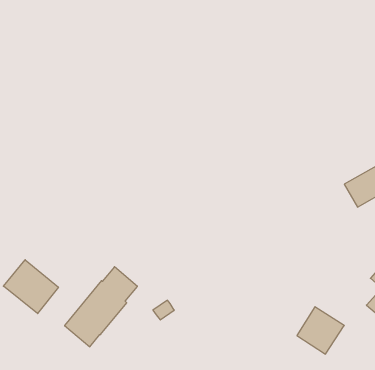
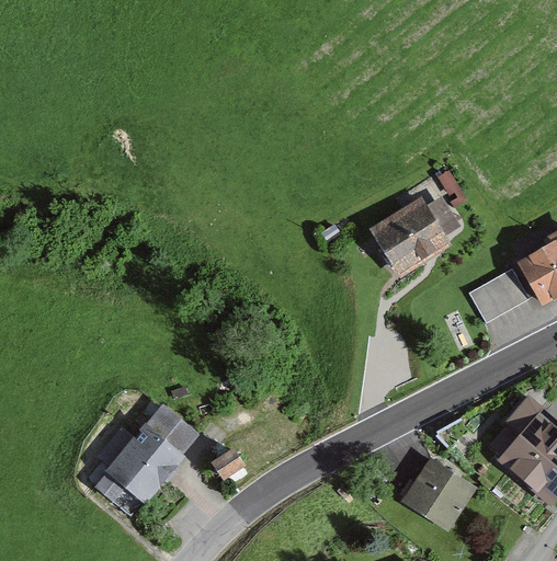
building: none -> [372,198,451,272]
building: [3,260,58,314] -> none

